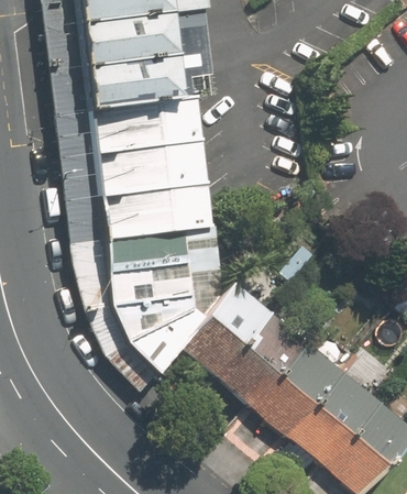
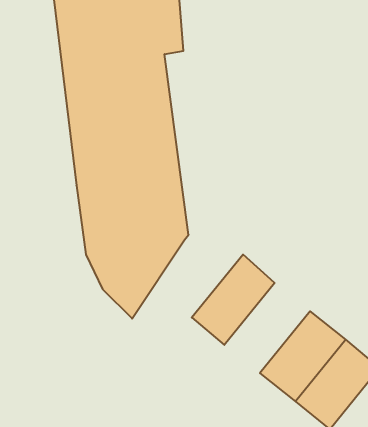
building: [176,277,267,373] -> none
building: [248,337,338,431] -> none

